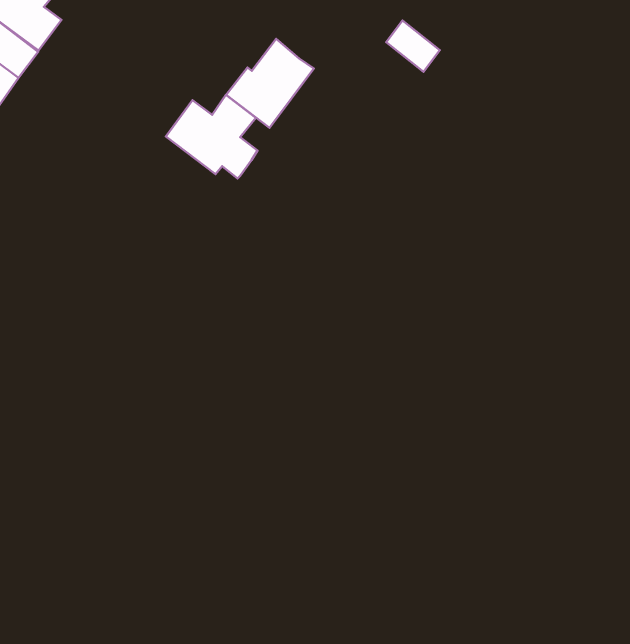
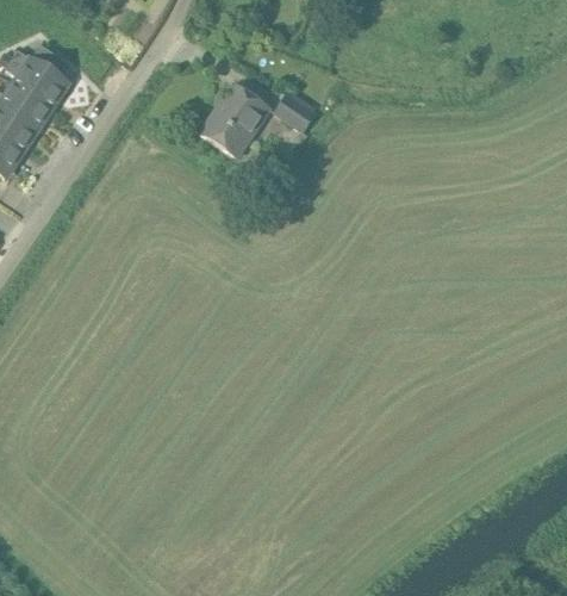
building: [386,21,440,72] -> [274,94,317,134]
building: [166,95,258,179] -> none

